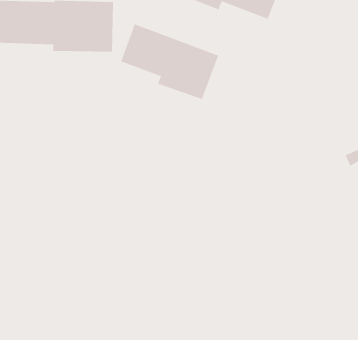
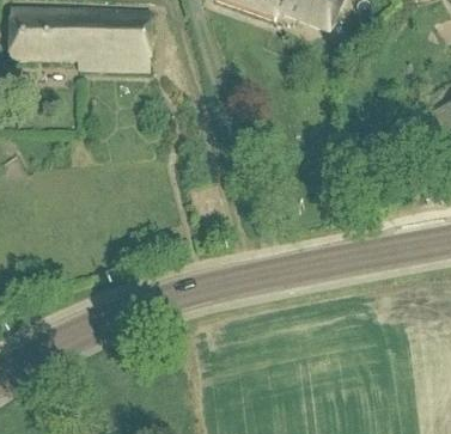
building: [121,24,219,100] -> none

